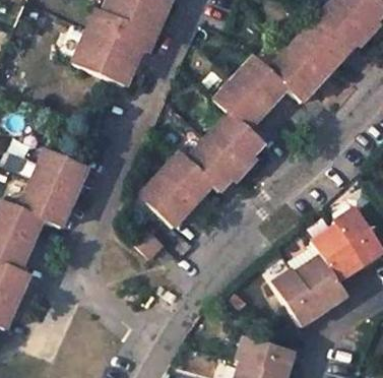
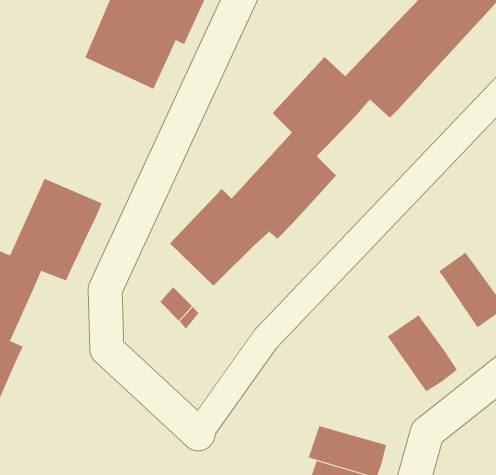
building: [310,226,360,279] -> none
building: [270,266,322,325] -> none

